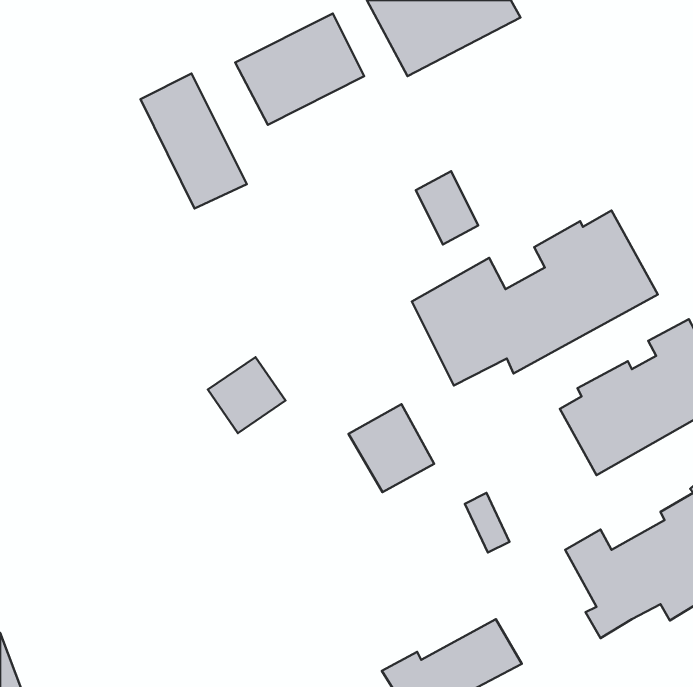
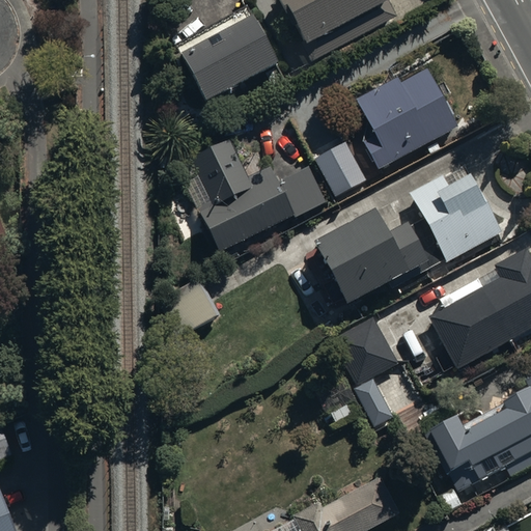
building: [140,73,247,209] -> none
building: none -> [356,67,457,170]
building: none -> [177,137,326,252]
building: [348,404,434,492] -> [332,317,397,385]

